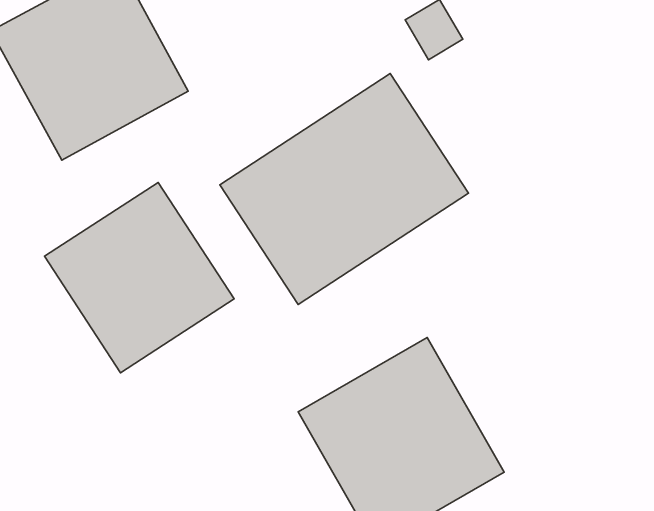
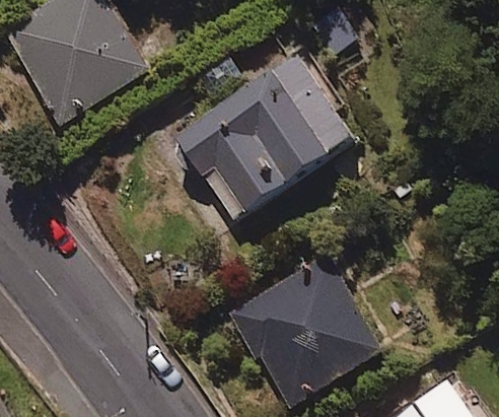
building: [45,182,234,373] -> none

